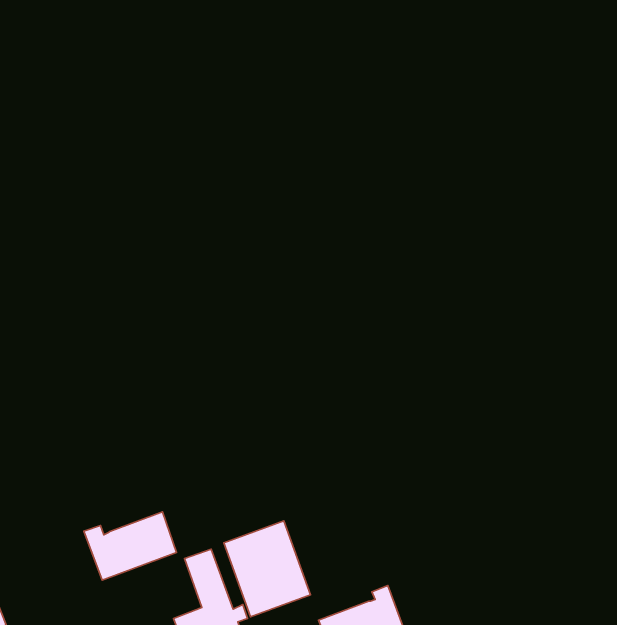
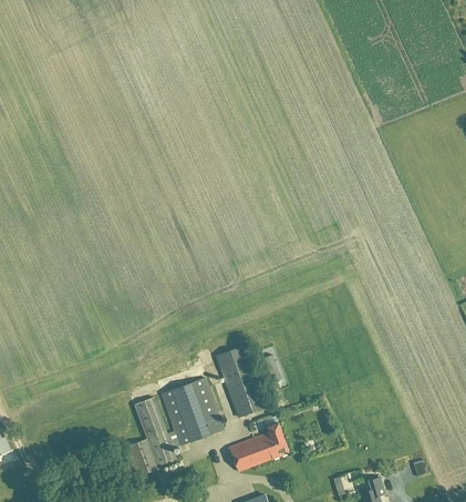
building: none -> [215,345,265,417]
building: [84,512,176,580] -> none

